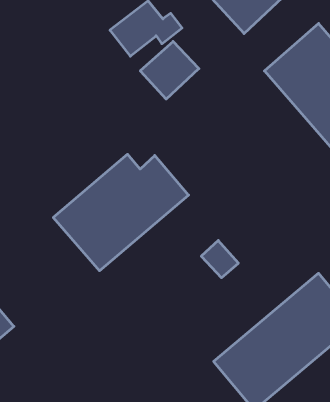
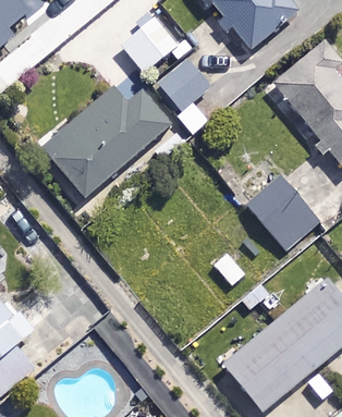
building: [53,154,189,271] -> [39,87,170,199]
building: none -> [258,189,319,249]

